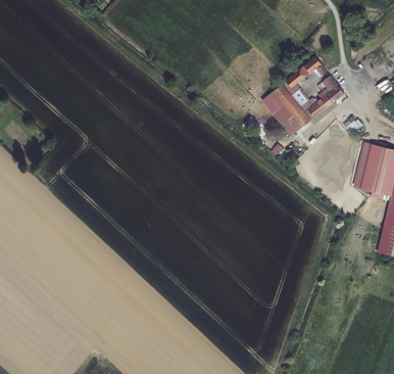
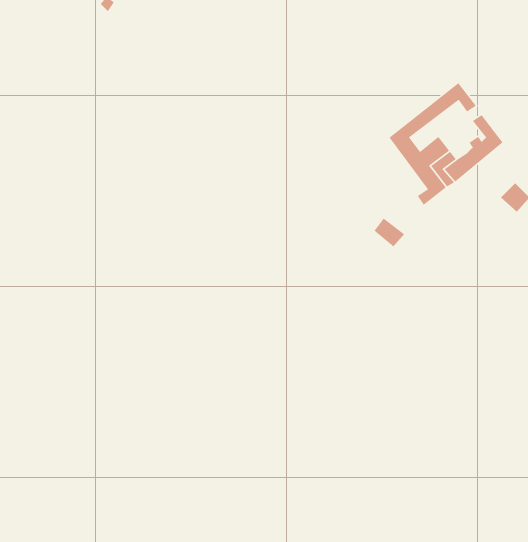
building: [260,90,296,135] -> none

